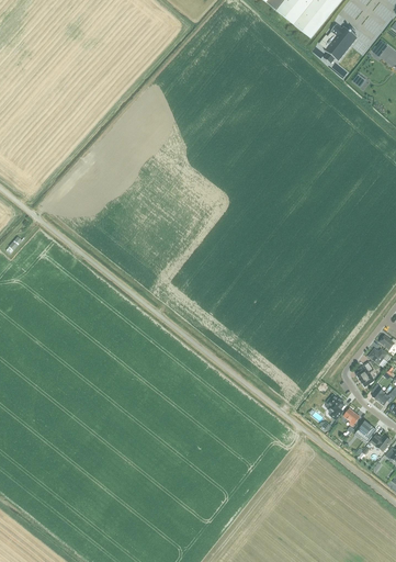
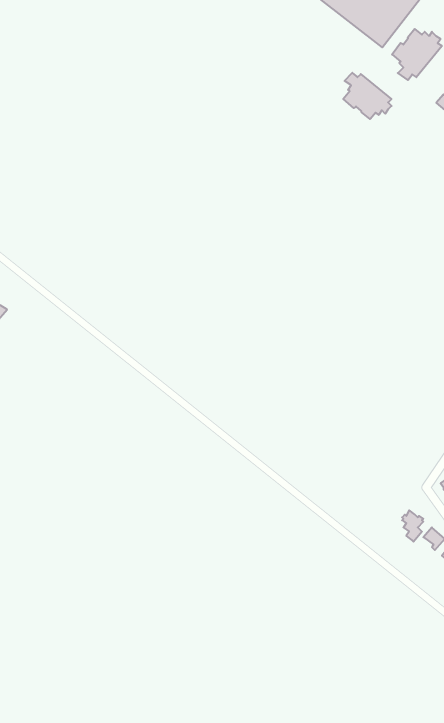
building: none -> [343,73,392,119]

